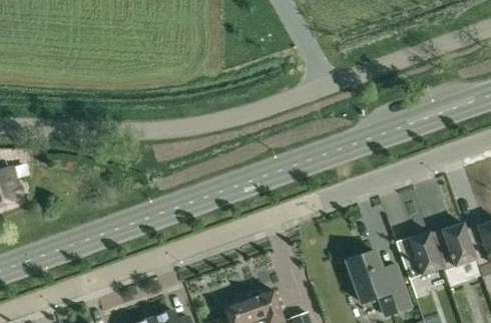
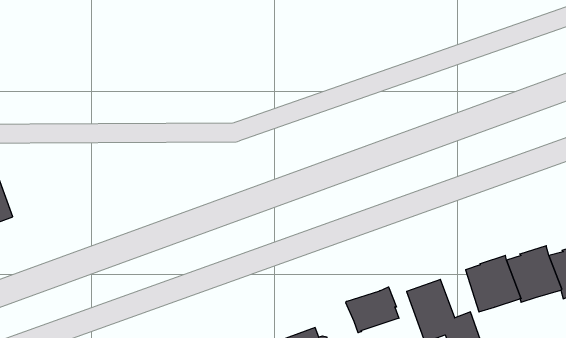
building: none -> [346,287,399,333]

